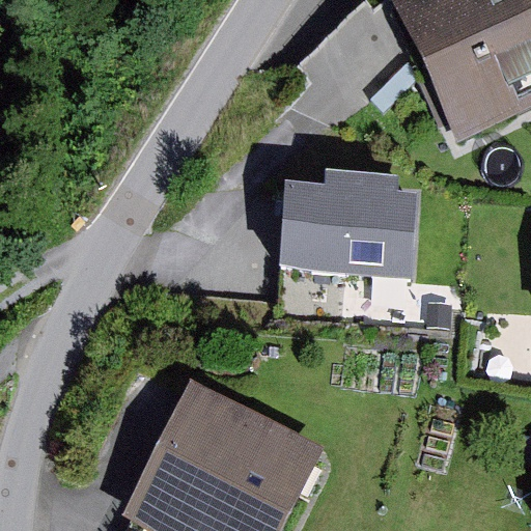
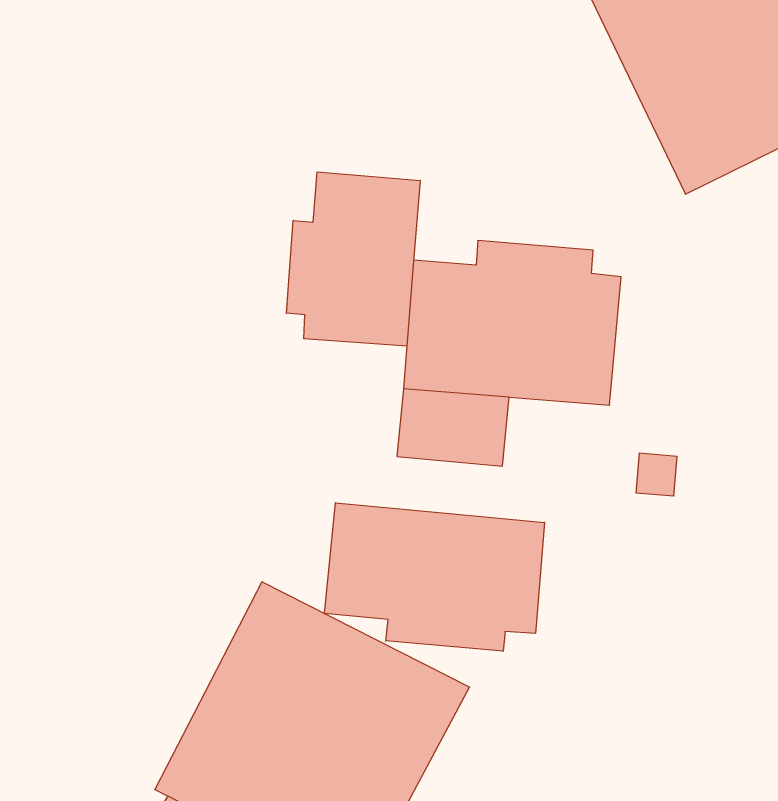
building: none -> [286,172,420,346]
building: none -> [325,503,545,651]

